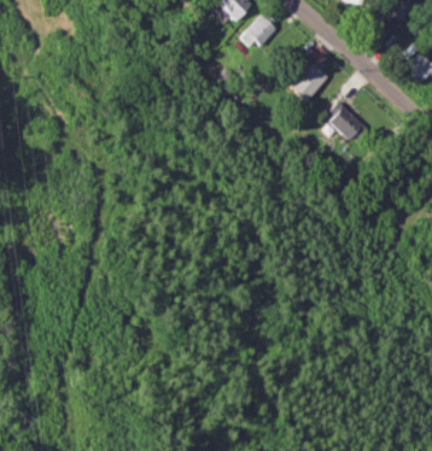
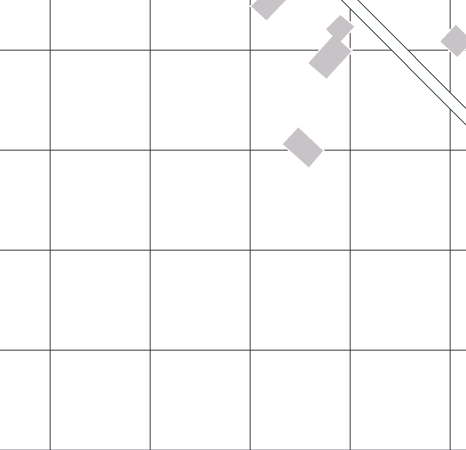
building: [326,104,363,141] -> [282,126,324,169]

